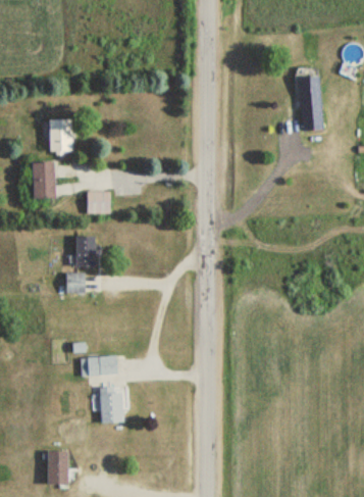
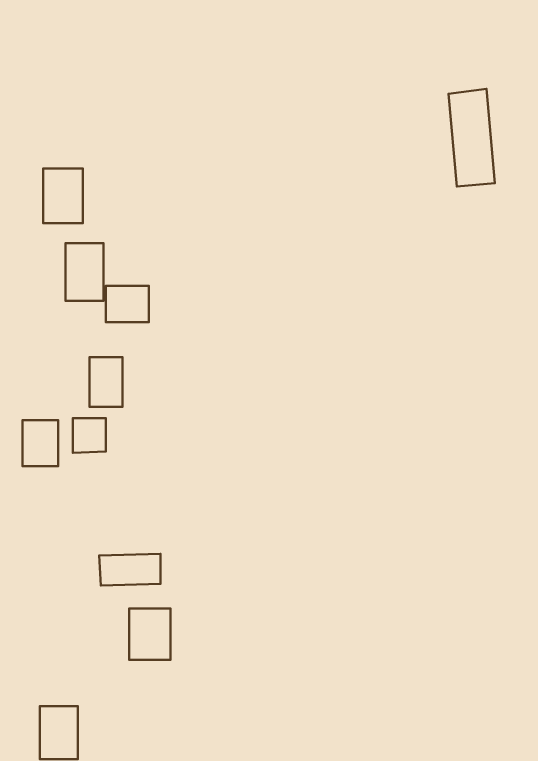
building: [31,162,54,198] -> [66,243,104,301]
building: none -> [23,420,58,466]

